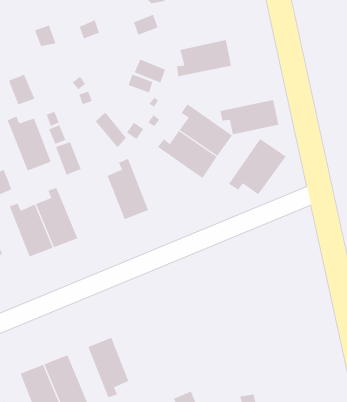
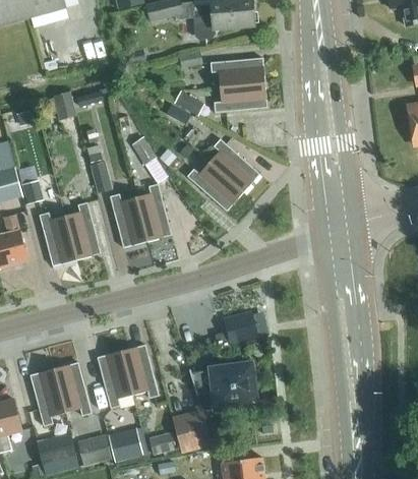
building: [220,100,279,135] -> [210,58,264,86]
building: [7,116,52,171] -> [109,193,146,247]
building: [228,138,287,195] -> none
building: none -> [215,314,257,354]
building: none -> [121,344,159,398]
building: none -> [188,363,255,409]

